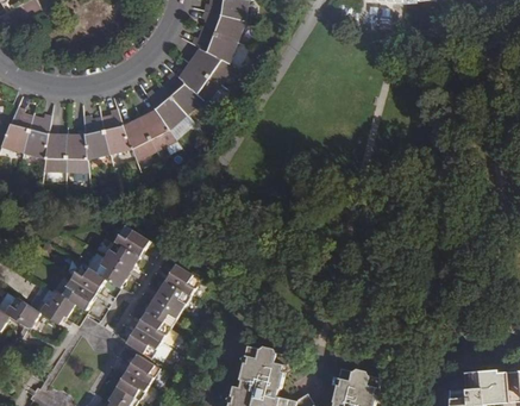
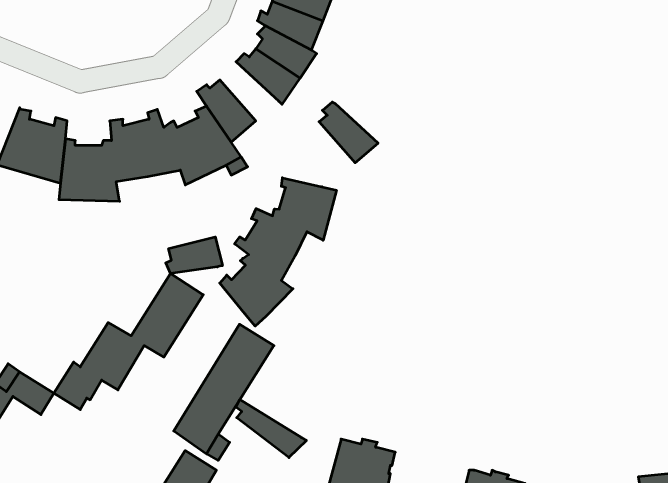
building: [161,71,203,115] -> [319,102,378,163]
building: none -> [220,178,336,326]
building: none -> [166,237,222,273]
building: none -> [236,399,306,458]

